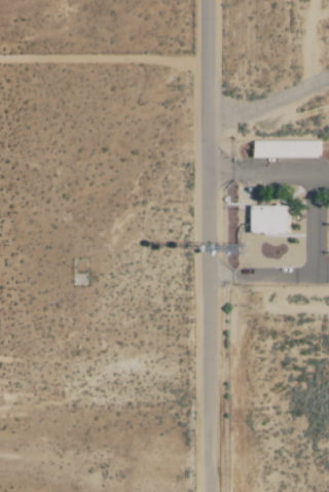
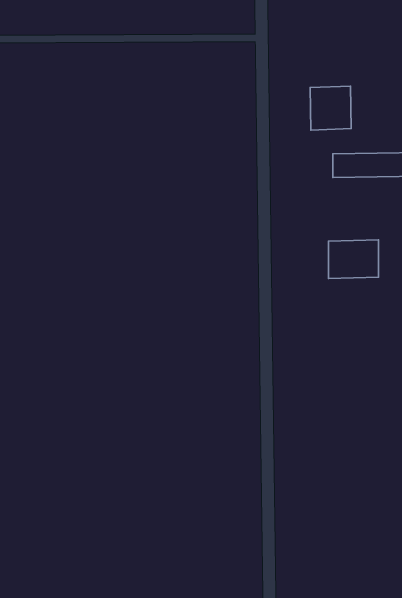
building: none -> [310,86,351,130]

